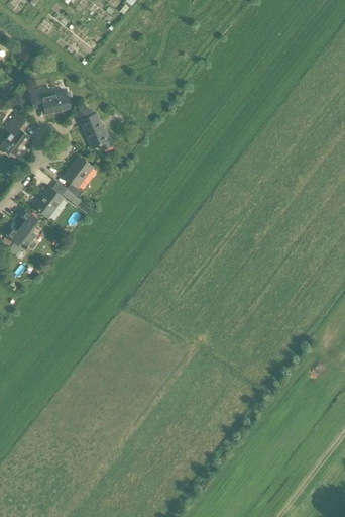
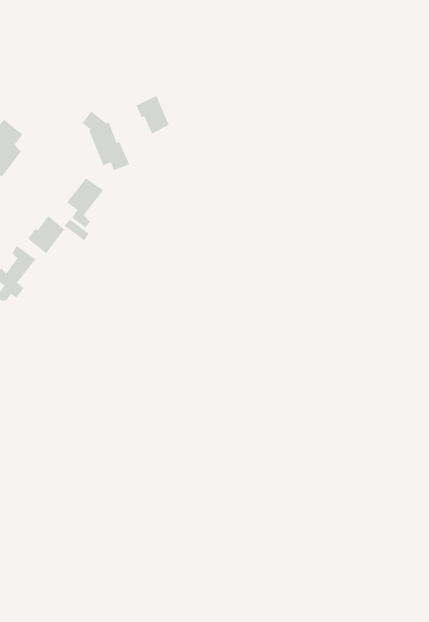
building: [28,86,70,114] -> none
building: none -> [136,95,170,134]

